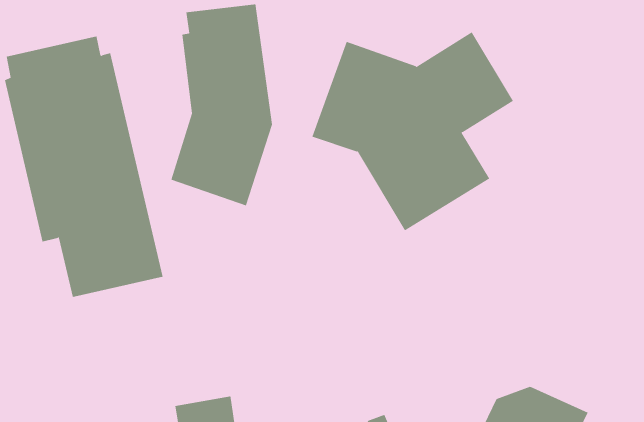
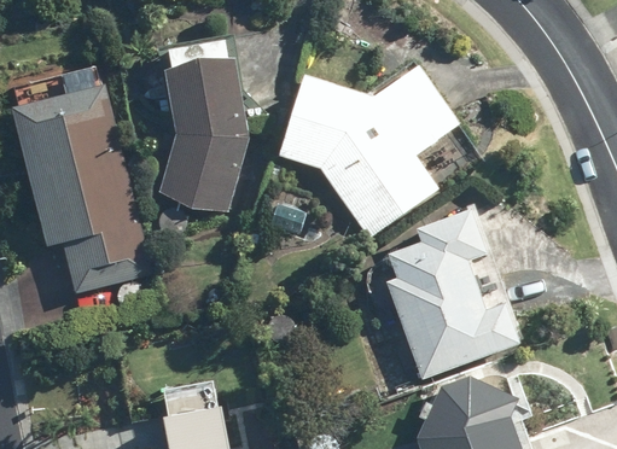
building: none -> [385,205,520,379]

